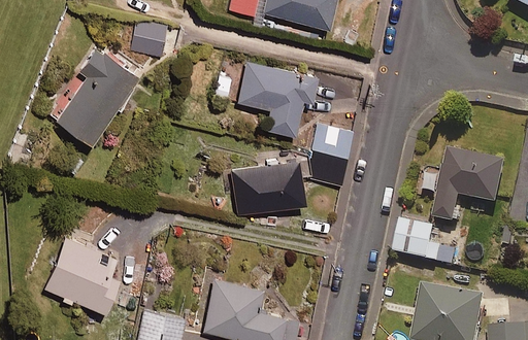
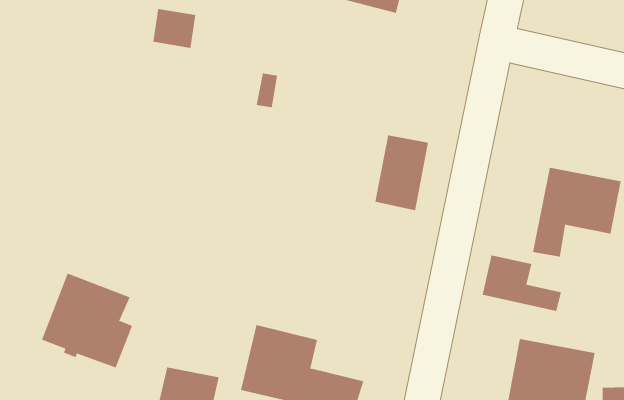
building: [55,48,136,144] -> none
building: [237,62,315,134] -> none
building: [232,162,304,213] -> none

